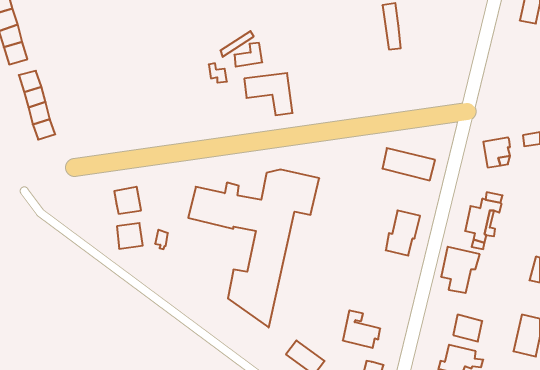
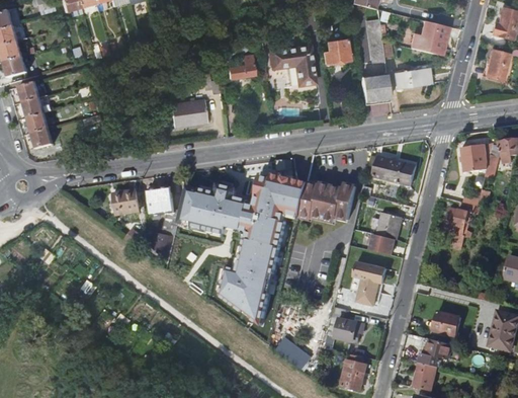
building: none -> [416,21,446,55]
building: none -> [322,39,348,64]
building: none -> [486,51,507,82]
building: none -> [393,69,429,88]
building: none -> [359,75,388,102]
building: [244,73,293,115] -> [269,45,315,84]
building: none -> [171,101,208,127]
building: none -> [295,184,355,232]
building: [117,223,143,249] -> [151,192,175,217]
building: [441,247,480,293] -> [351,263,387,307]

